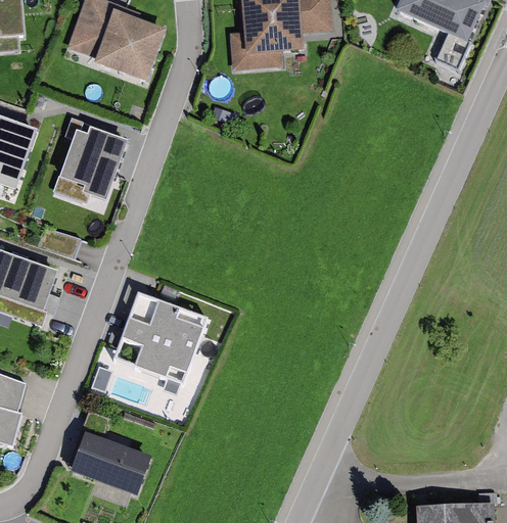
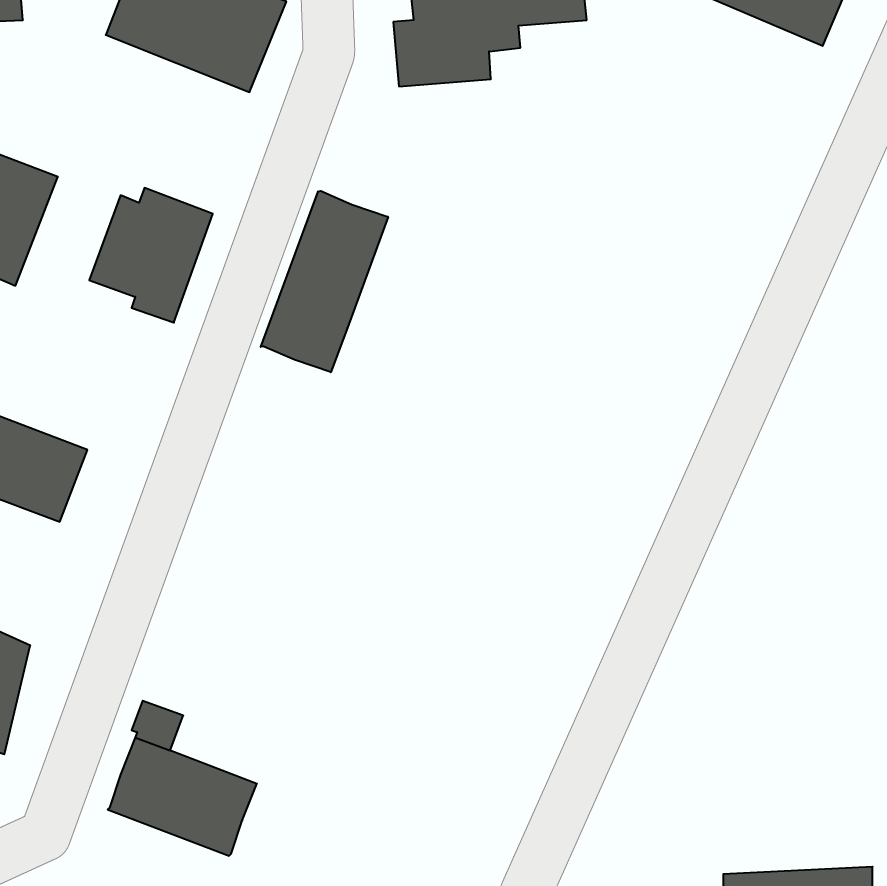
building: none -> [261,191,388,372]
building: [112,294,206,385] -> none

